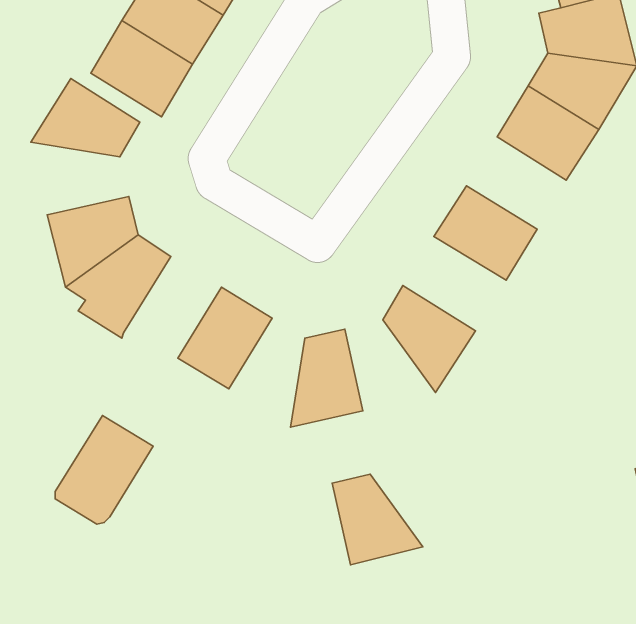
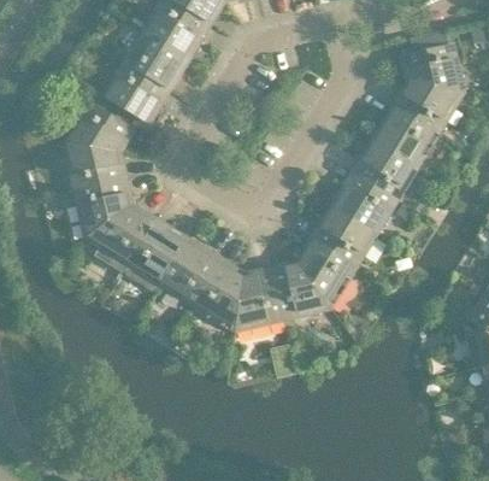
building: none -> [353,137,419,199]
building: none -> [64,141,129,189]
building: none -> [311,204,379,266]
building: none -> [195,258,246,330]
building: [55,415,153,524] -> [125,217,190,289]
building: [332,474,423,565] -> [272,259,332,319]

